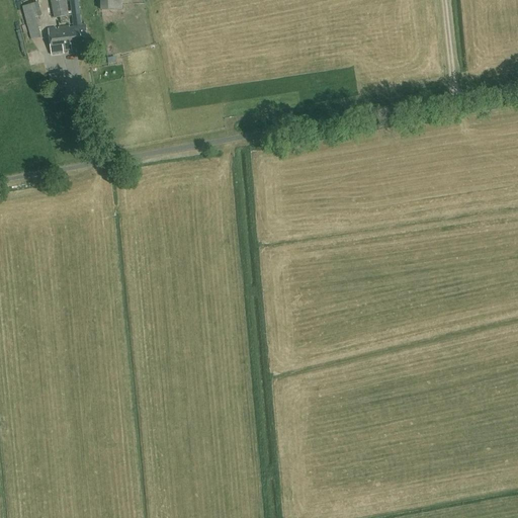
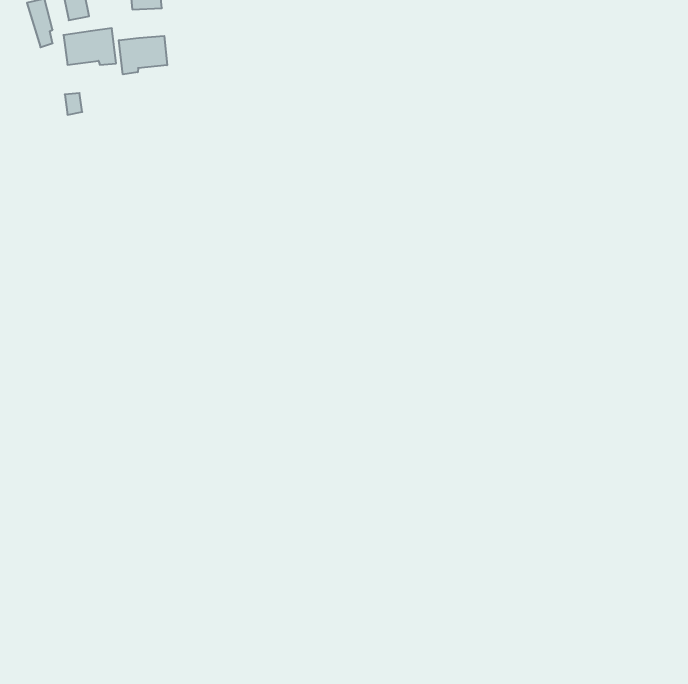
building: none -> [119,36,167,74]

